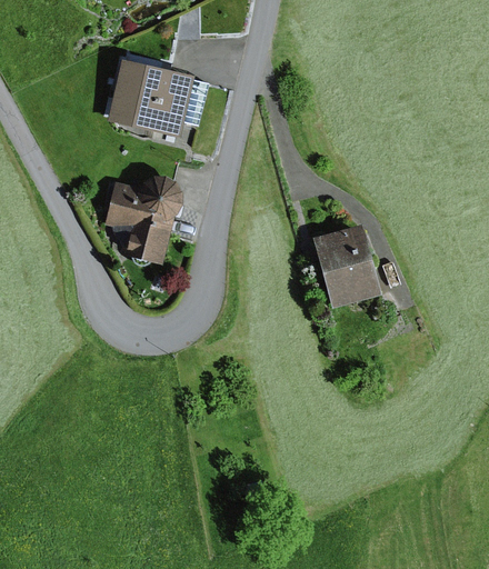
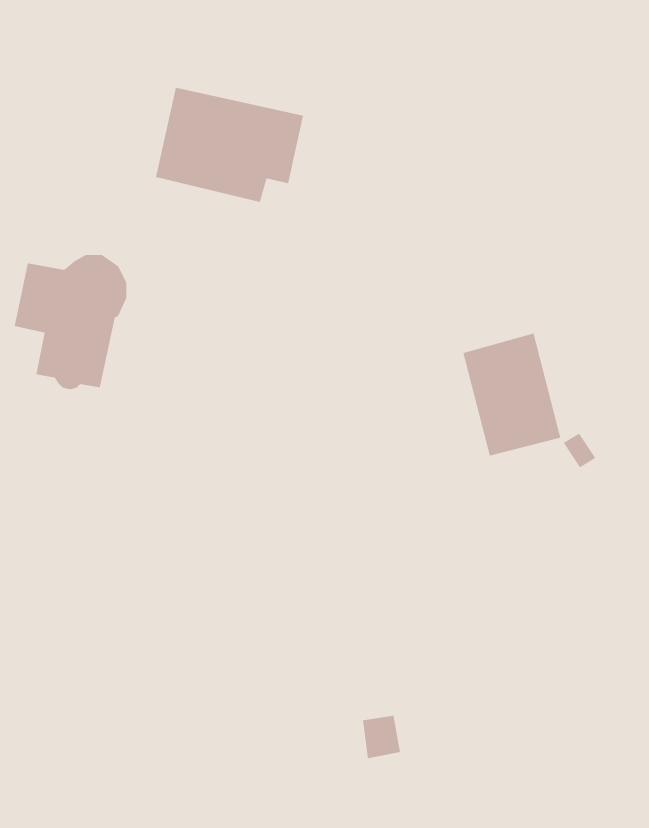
building: [104,174,180,264] -> [14,254,127,390]

